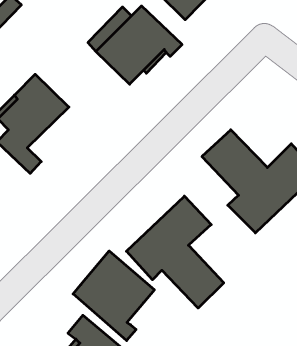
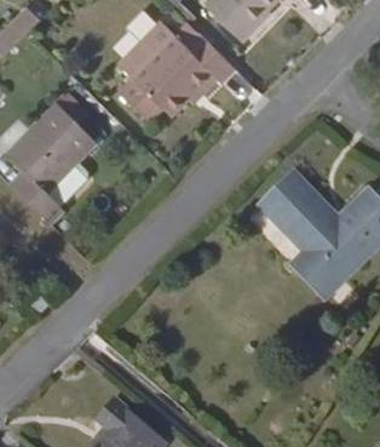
building: [126,196,224,308] -> none
building: [73,251,154,341] -> none

